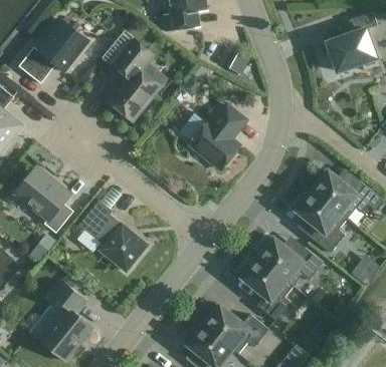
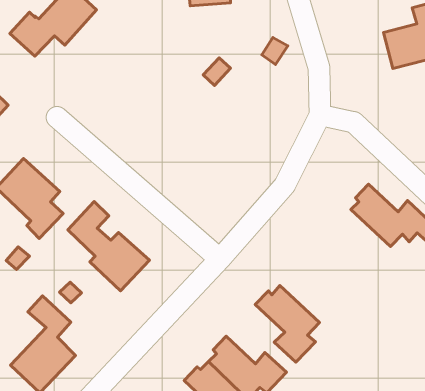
building: [107,38,161,120] -> none
building: [182,103,246,168] -> none
building: [293,190,347,252] -> none
building: [257,235,323,285] -> none

